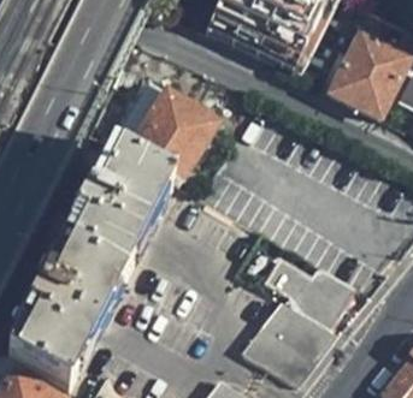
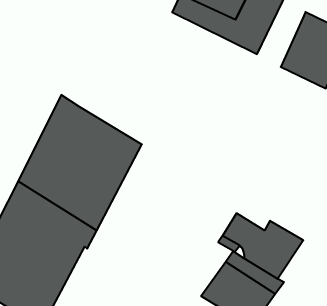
building: [107,84,218,182] -> none

